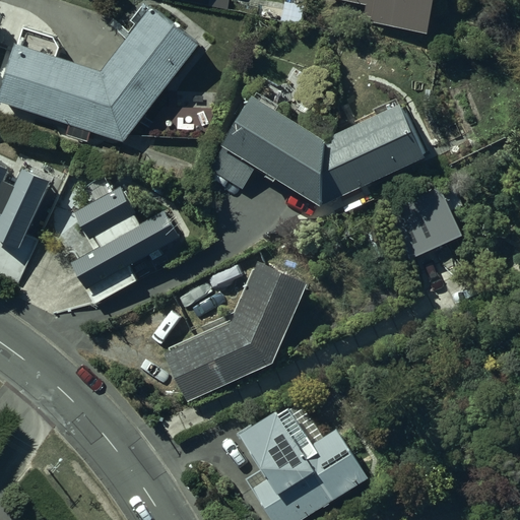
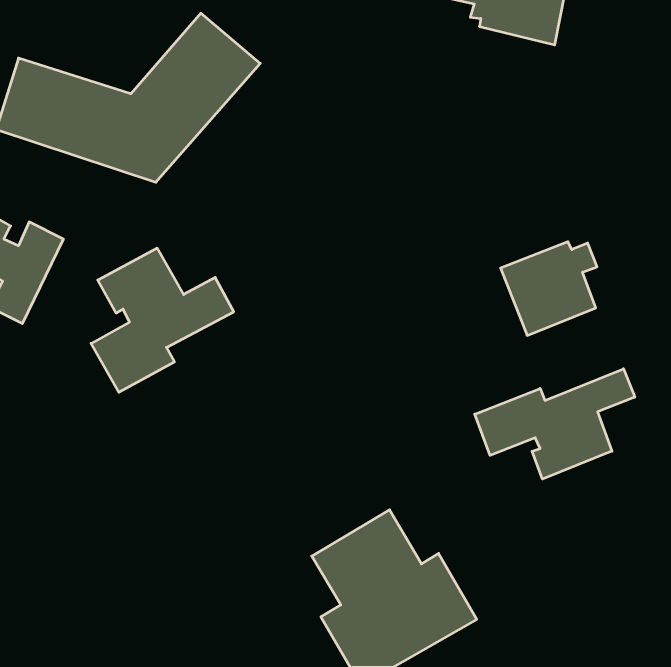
building: [210,95,424,210] -> none
building: [165,264,308,401] -> none
building: none -> [475,369,635,479]

